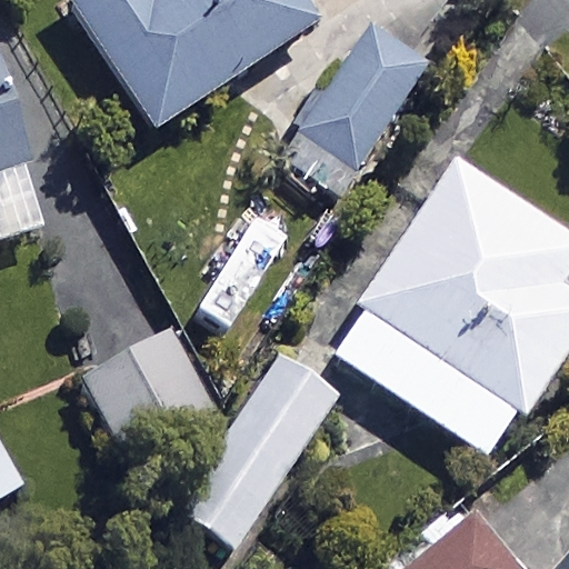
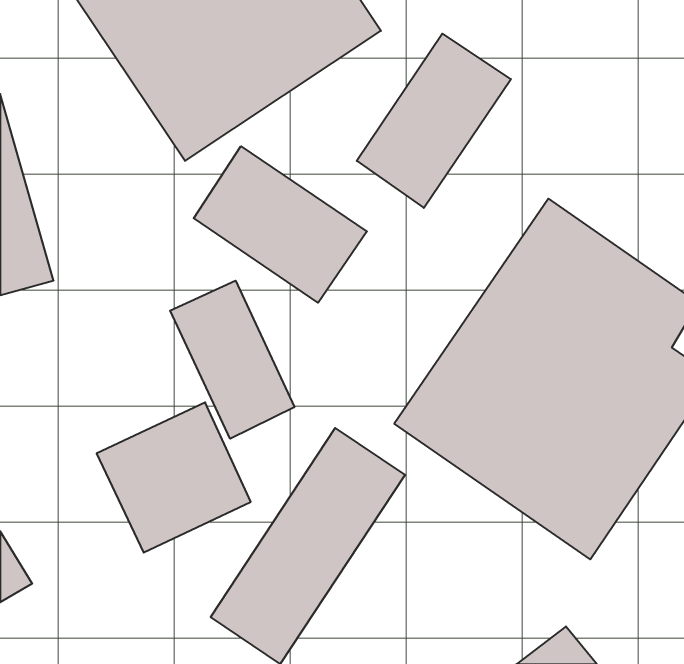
building: none -> [194,146,367,303]
building: none -> [170,281,294,439]

